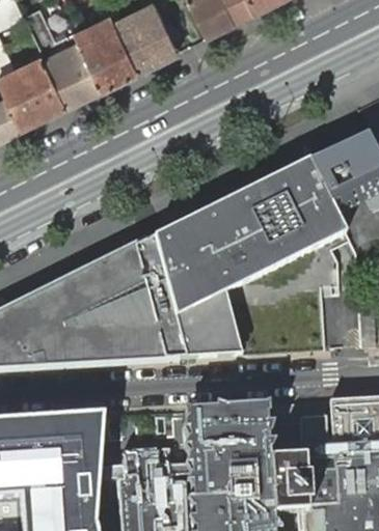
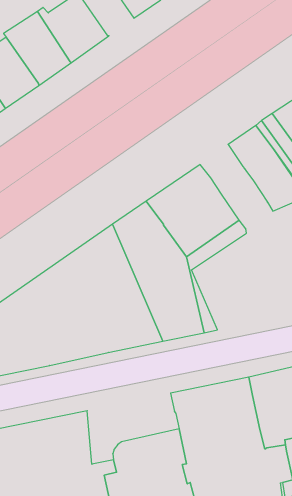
building: [249,174,315,263] -> none

